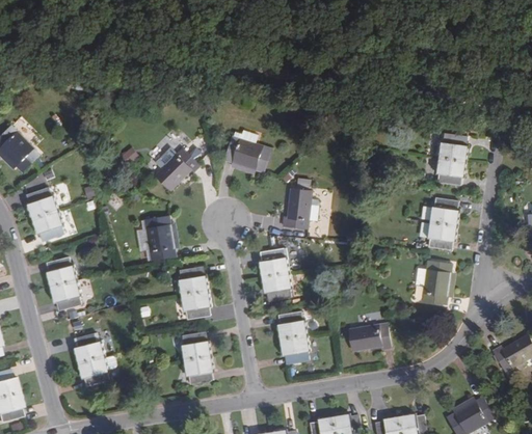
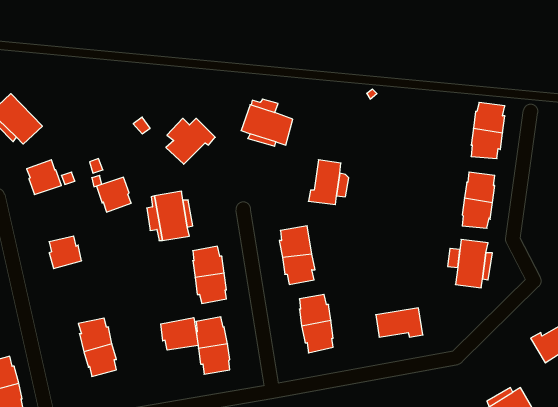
building: [32,210,64,242] -> [96,177,131,212]
building: [50,279,80,310] -> none
building: none -> [161,318,198,350]

